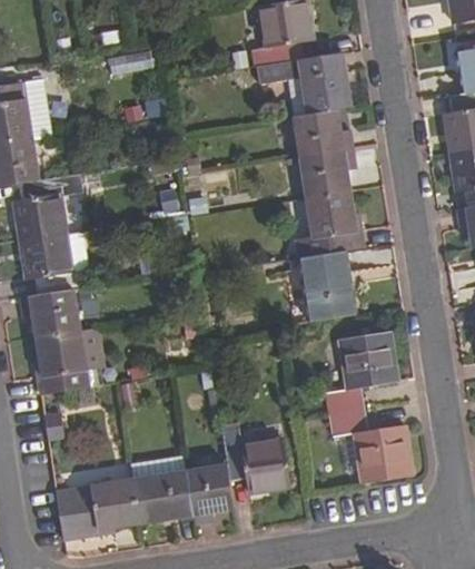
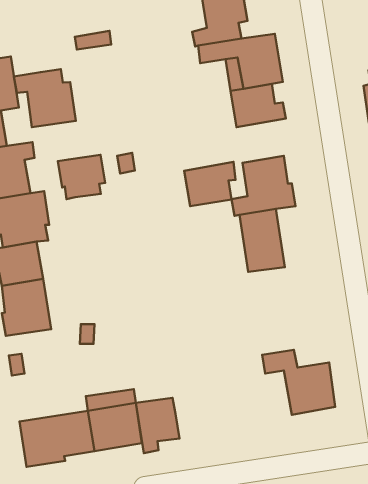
building: none -> [14,69,76,127]
building: [299,148,357,198] -> [184,162,236,206]
building: none -> [58,155,105,199]
building: [325,332,397,415] -> none
building: [221,429,289,490] -> none

